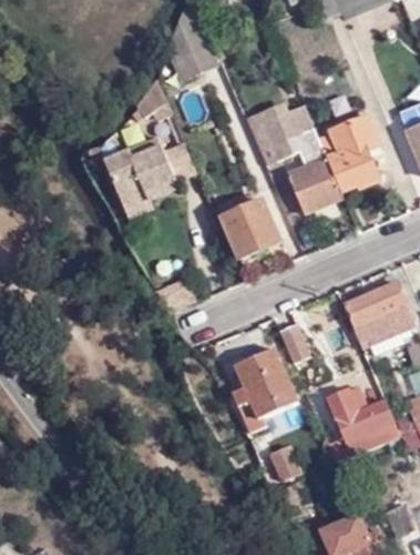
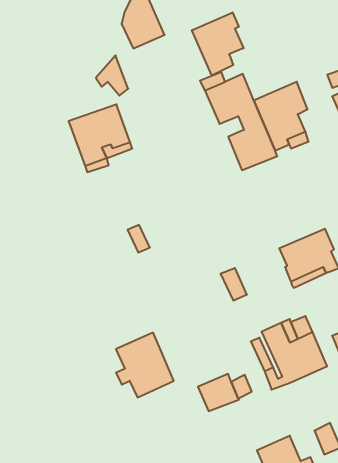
building: none -> [192,12,244,76]
building: [219,196,281,269] -> none
building: [233,347,298,421] -> [116,333,174,397]

